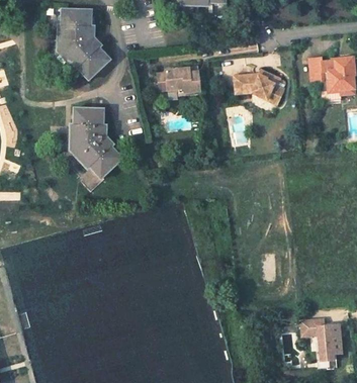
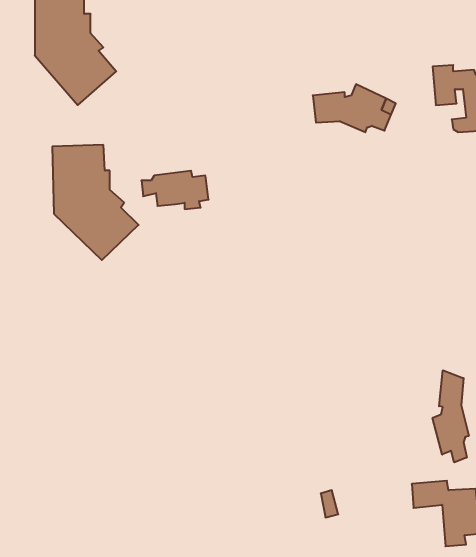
building: [157,68,199,92] -> [141,171,209,209]
building: none -> [433,370,469,462]

